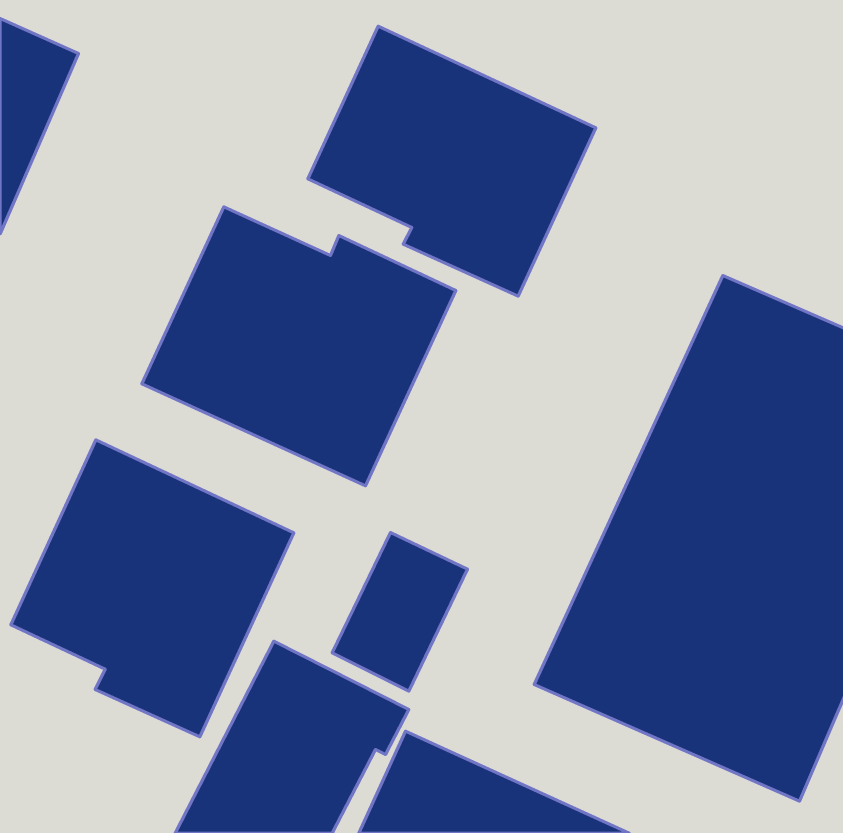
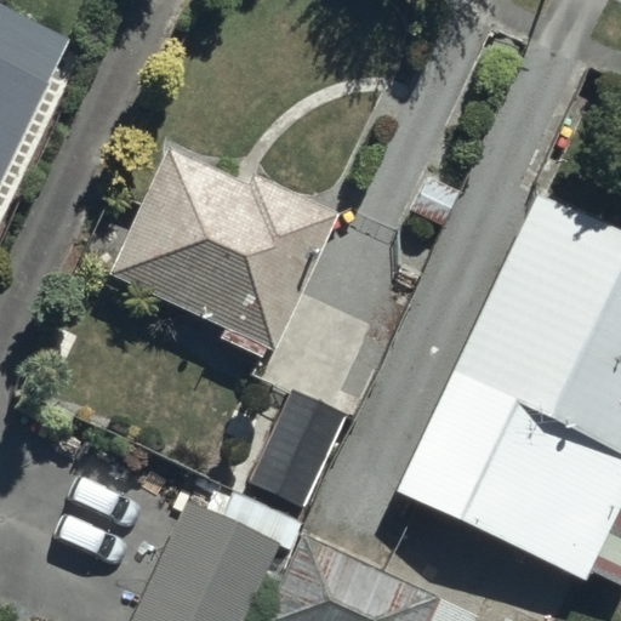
building: [308,26,596,296] -> none
building: [11,440,294,737] -> none

